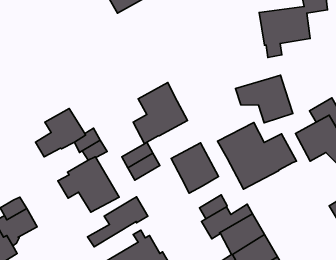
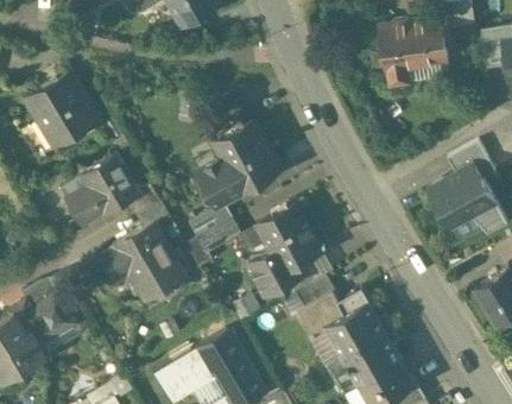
building: none -> [26,76,95,146]
building: [235,75,293,123] -> none
building: [217,122,296,189] -> none
building: none -> [247,254,303,297]
building: [87,197,148,247] -> none

